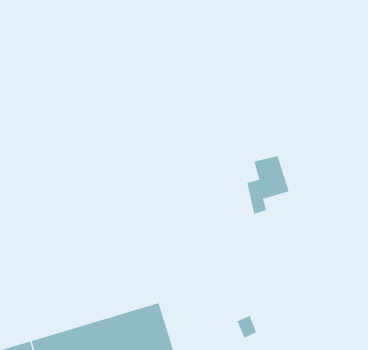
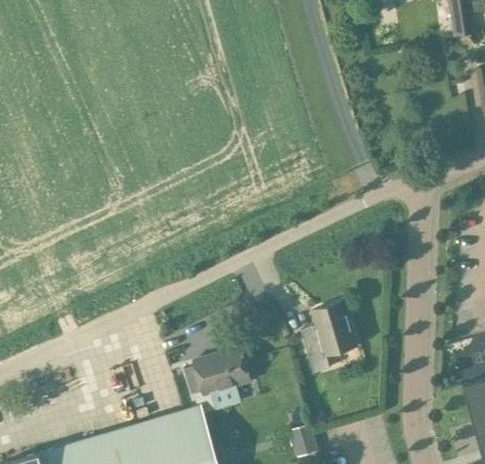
building: [247,155,289,214] -> [305,302,357,374]
building: none -> [196,345,252,413]

